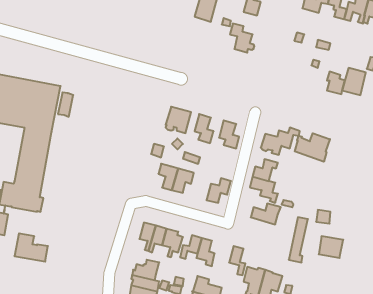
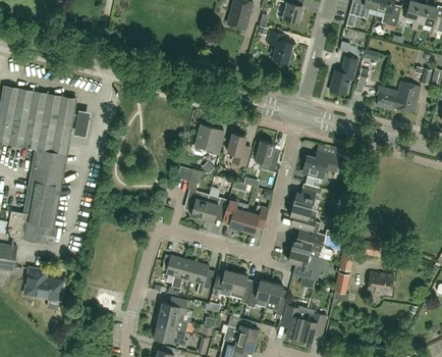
building: none -> [329,57,357,95]
building: [295,133,330,162] -> none
building: none -> [222,197,245,231]
building: none -> [287,250,320,280]
building: none -> [245,279,271,308]

